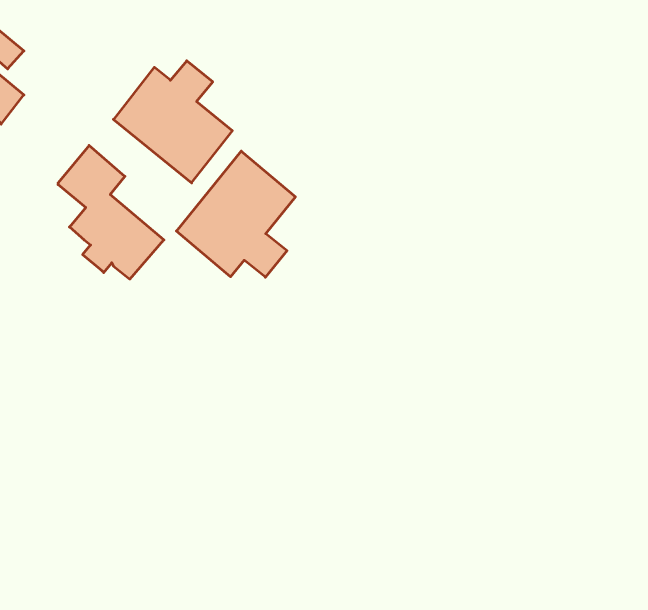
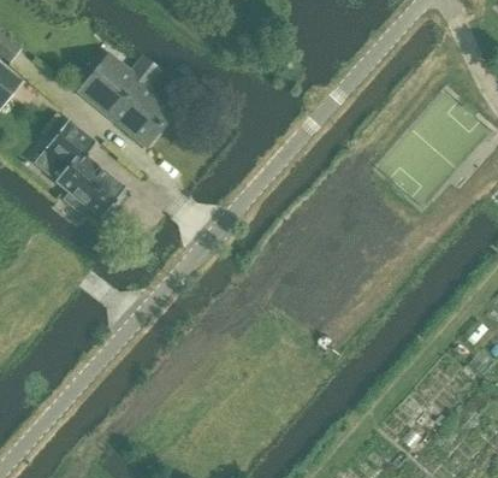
building: [176,151,295,277] -> none

